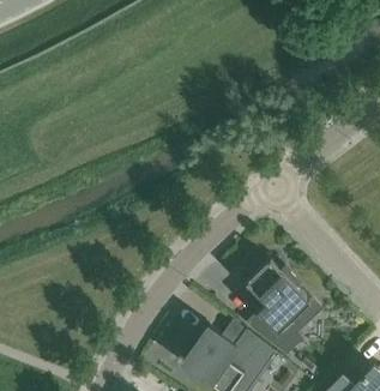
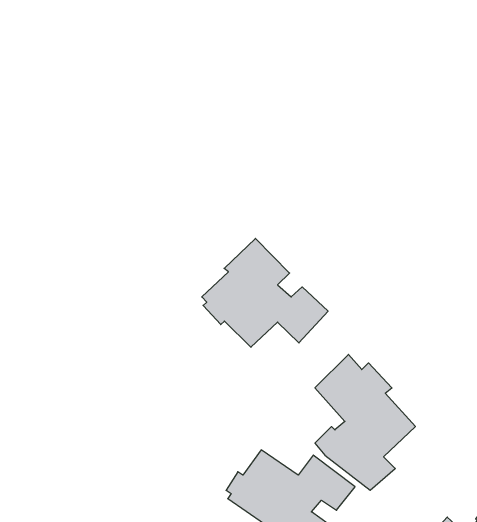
building: none -> [202,238,328,347]

